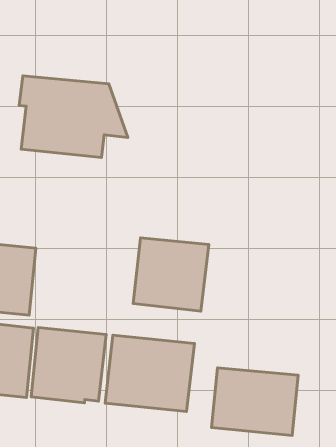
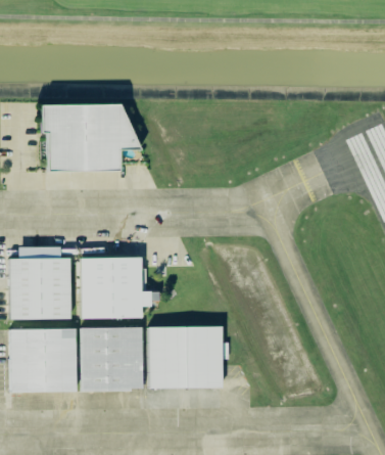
building: [133,238,209,311] -> [82,257,143,317]
building: [211,368,298,436] -> none

